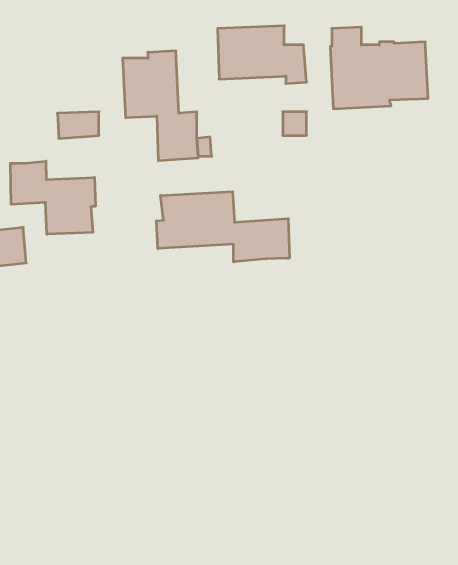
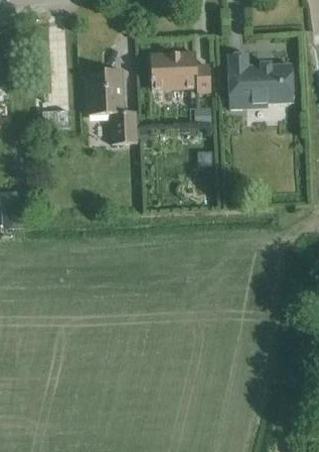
building: [10,161,95,234] -> none
building: [156,192,289,262] -> none

